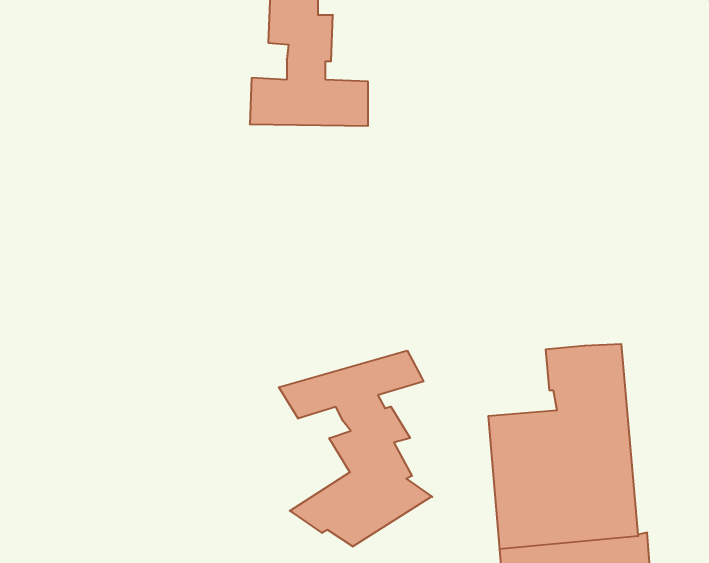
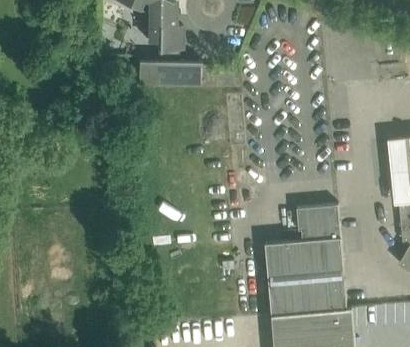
building: [279,351,432,547] -> none

